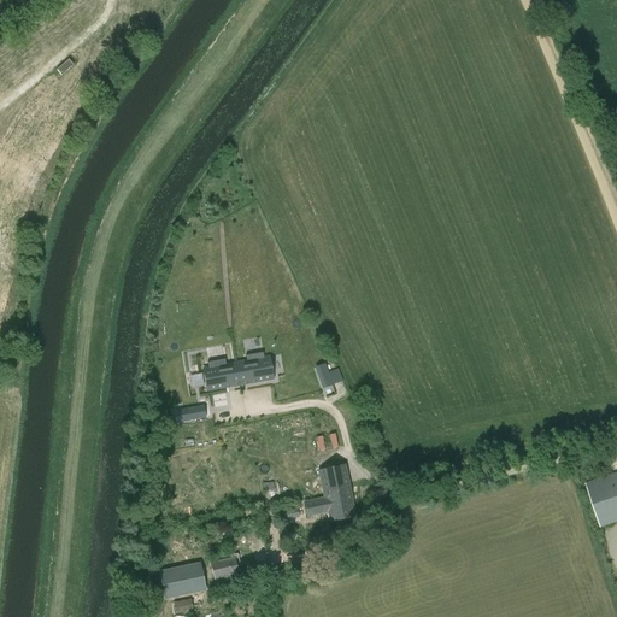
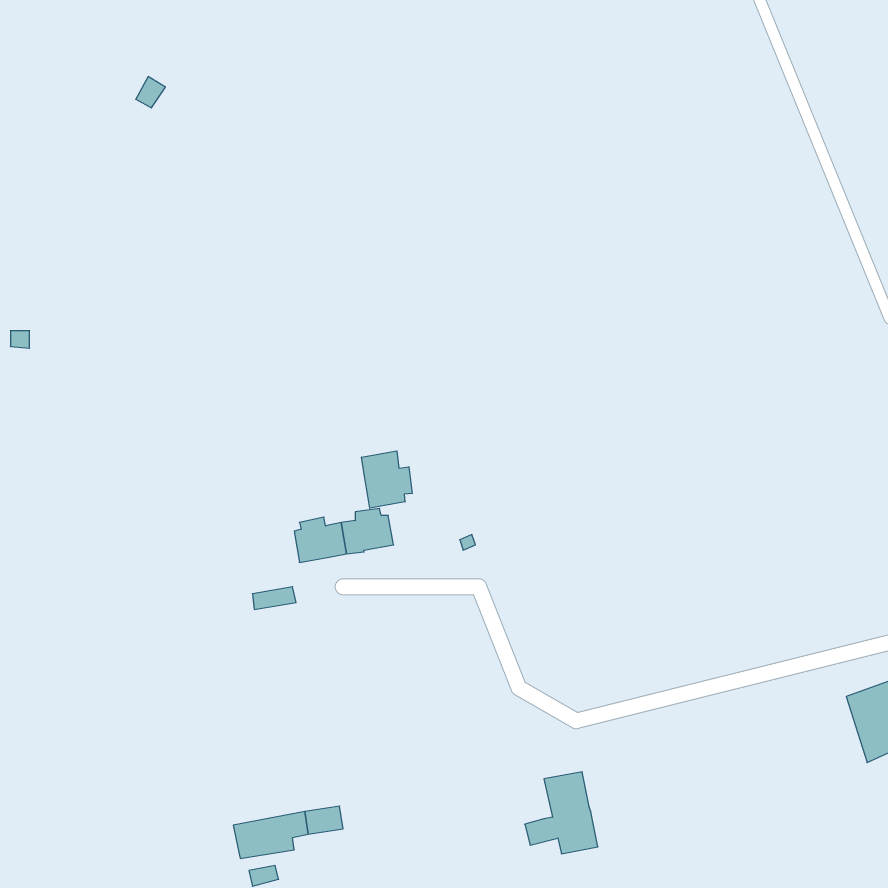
building: none -> [362,451,412,508]
building: [306,465,357,522] -> [525,772,598,854]

